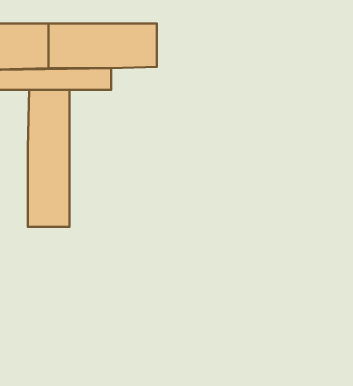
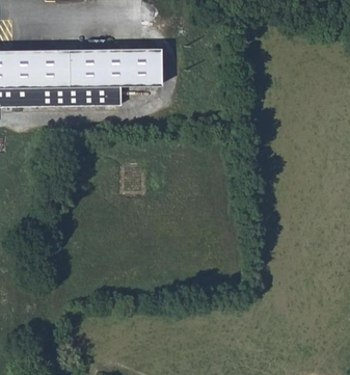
building: [28,90,70,227] -> none

